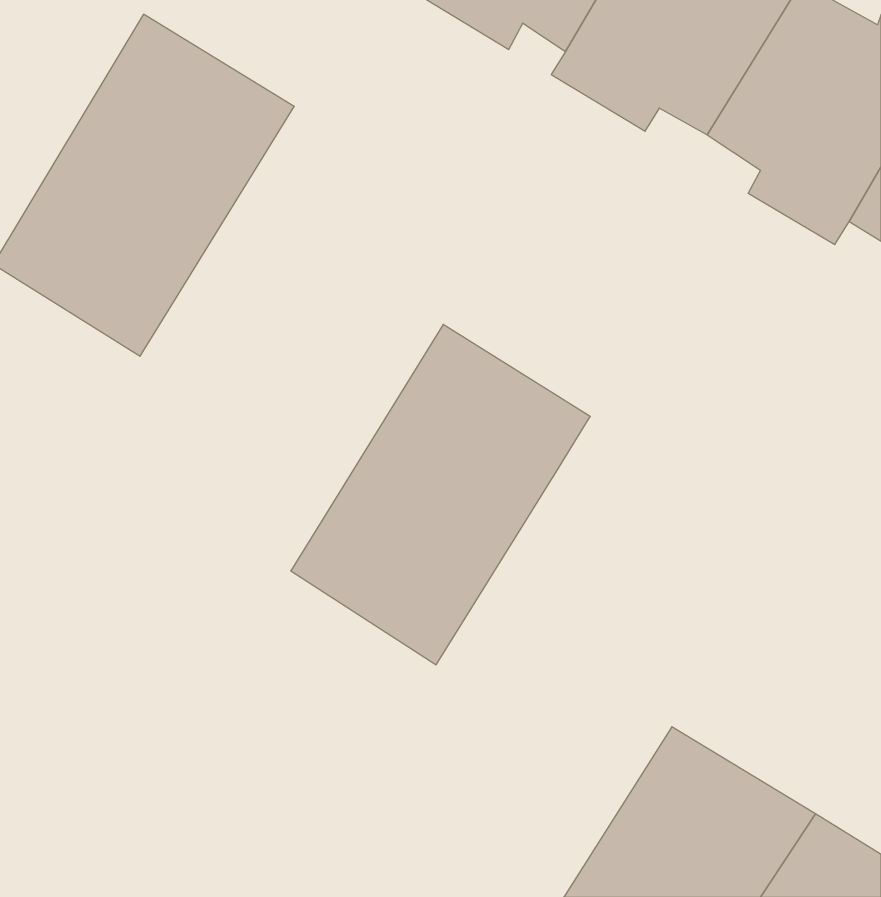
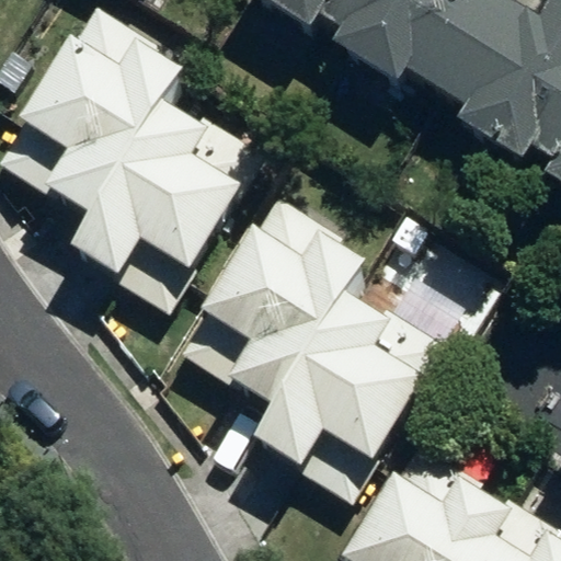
building: none -> [68,94,261,310]
building: none -> [250,289,443,503]

